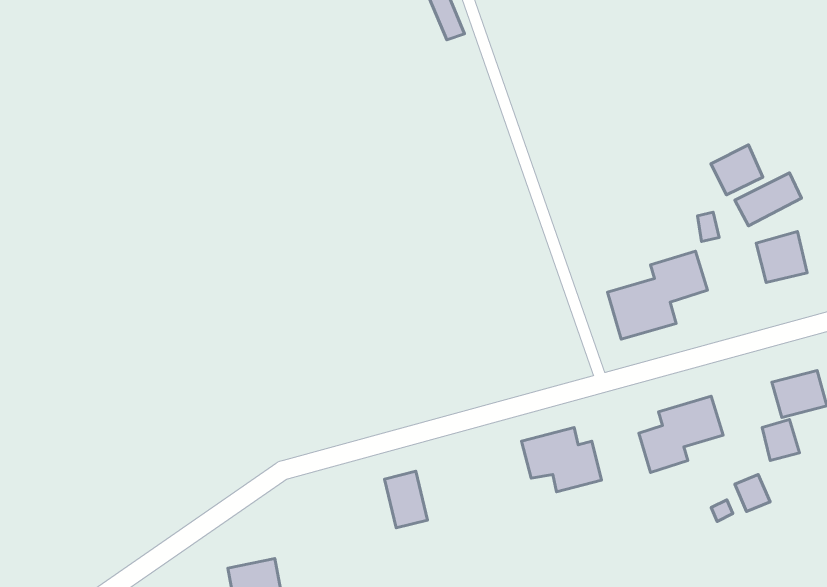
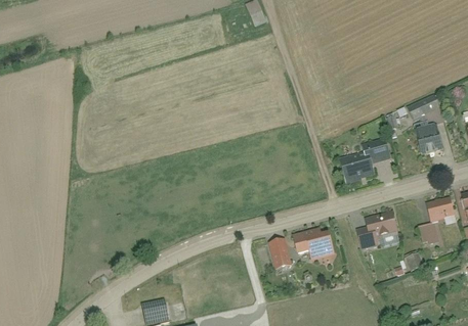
building: [711,145,763,195] -> none
building: [385,471,428,528] -> [269,239,292,269]

